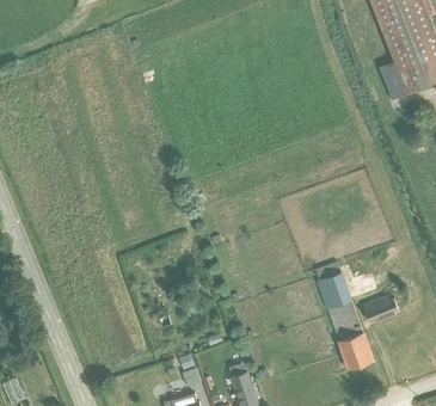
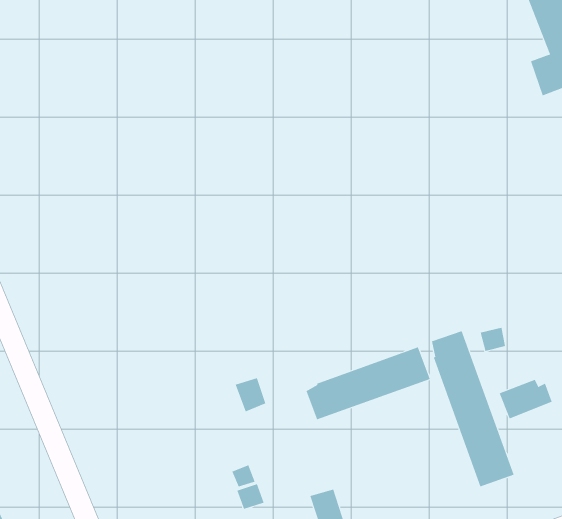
building: none -> [306,346,430,420]

